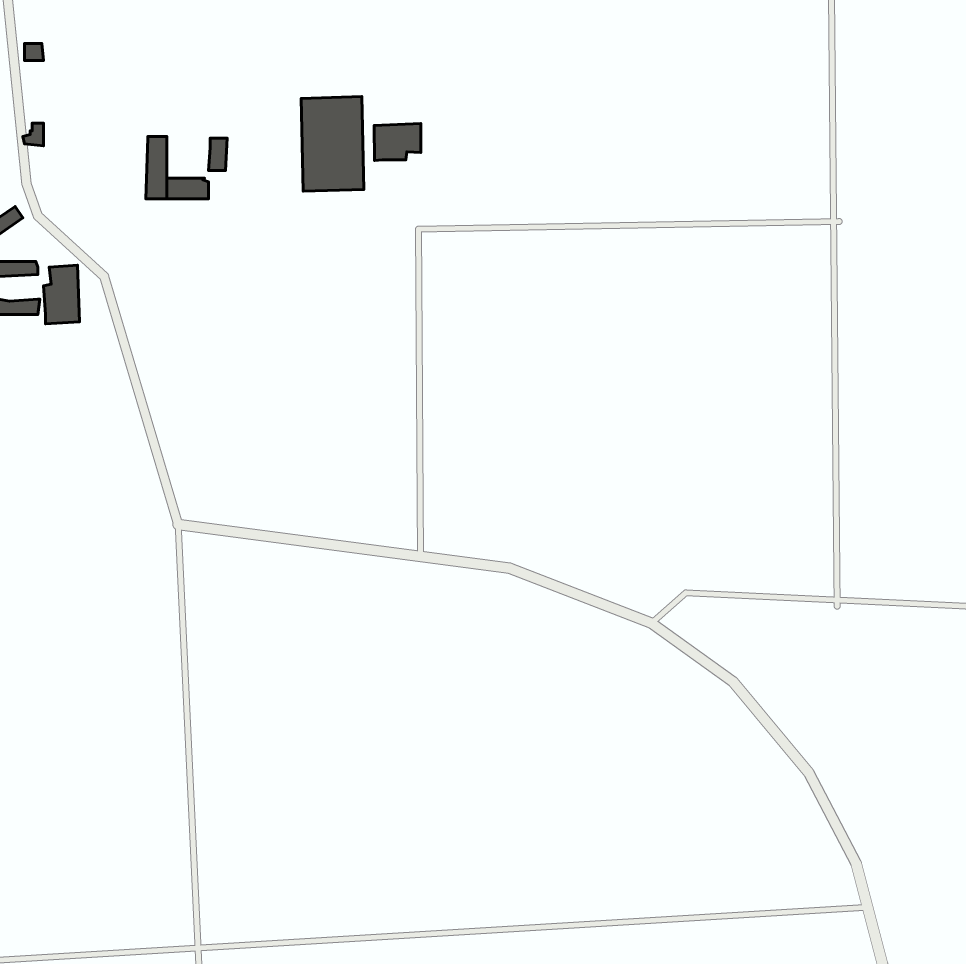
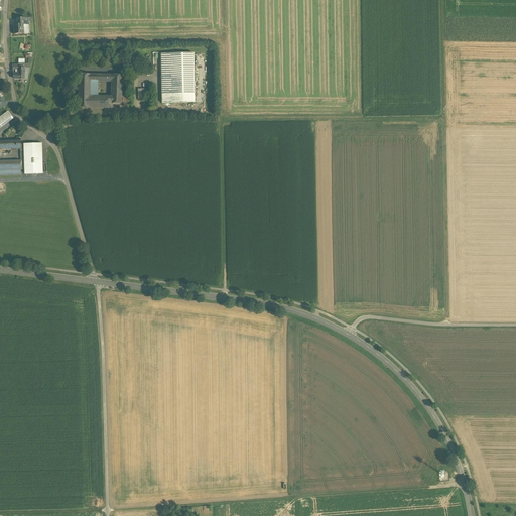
building: [374,123,421,160] -> none

